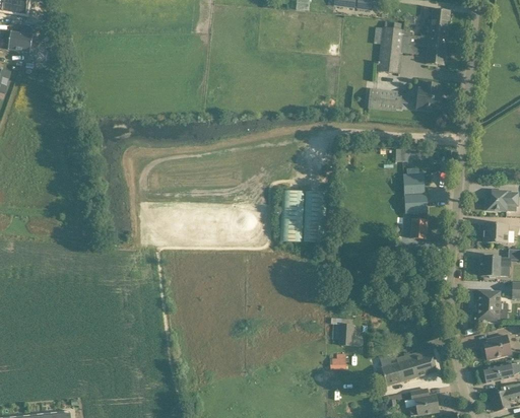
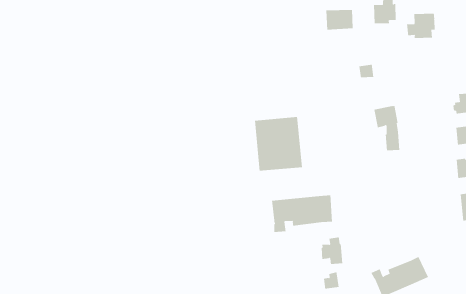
building: none -> [407,13,435,39]
building: [403,172,425,194] -> none
building: none -> [272,195,332,233]

